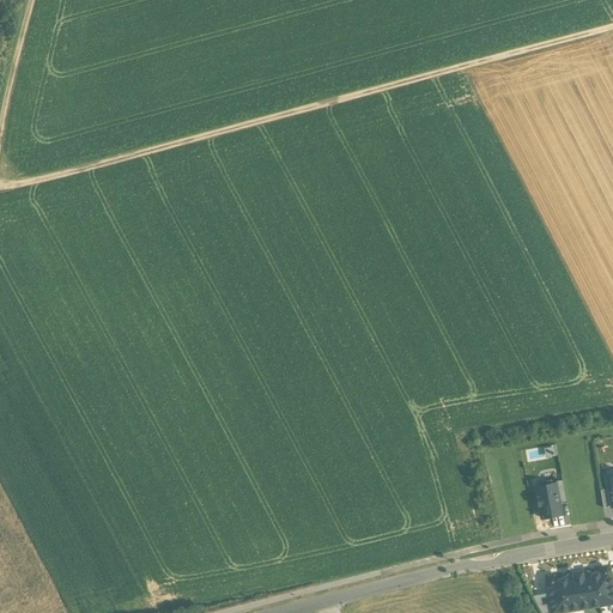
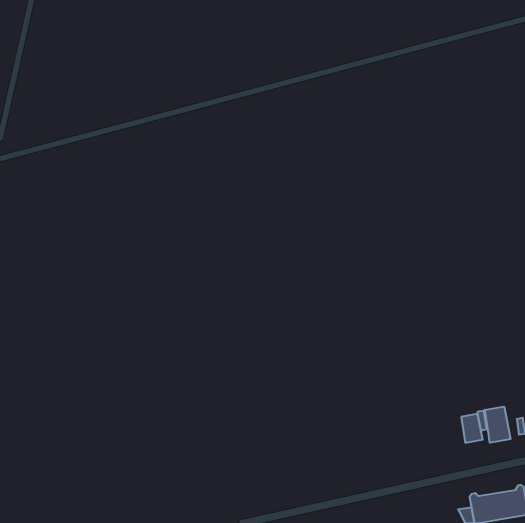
building: none -> [485,407,510,443]

